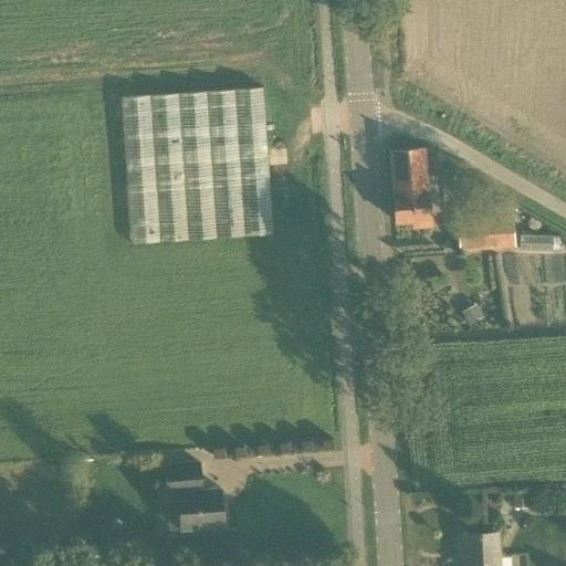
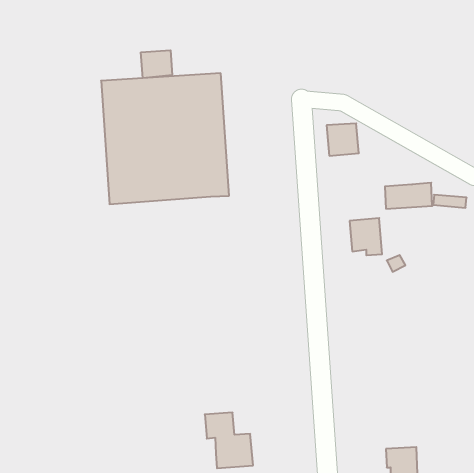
building: none -> [141,50,172,78]
building: [392,184,431,228] -> [350,218,382,255]
building: [166,463,223,530] -> [205,413,253,468]

